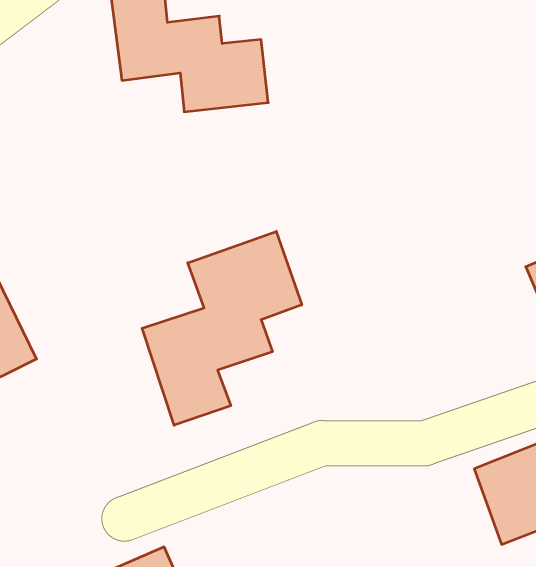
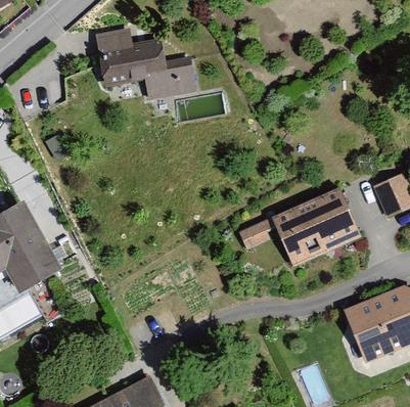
building: [142,231,302,425] -> none
building: none -> [234,188,358,264]

